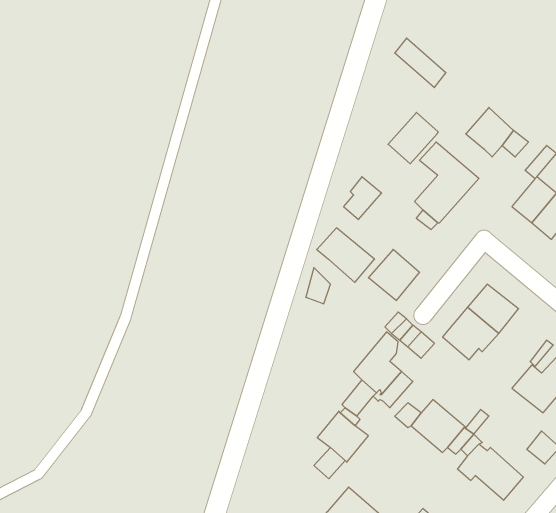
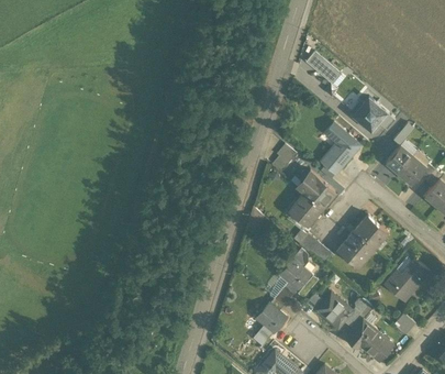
building: [388,112,438,164] -> none
building: [317,228,375,282] -> [297,172,335,208]

